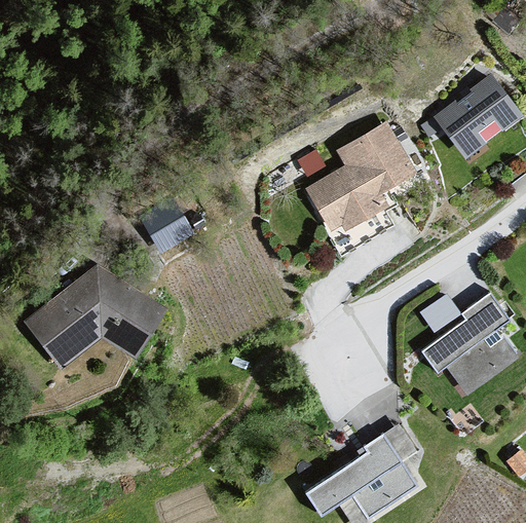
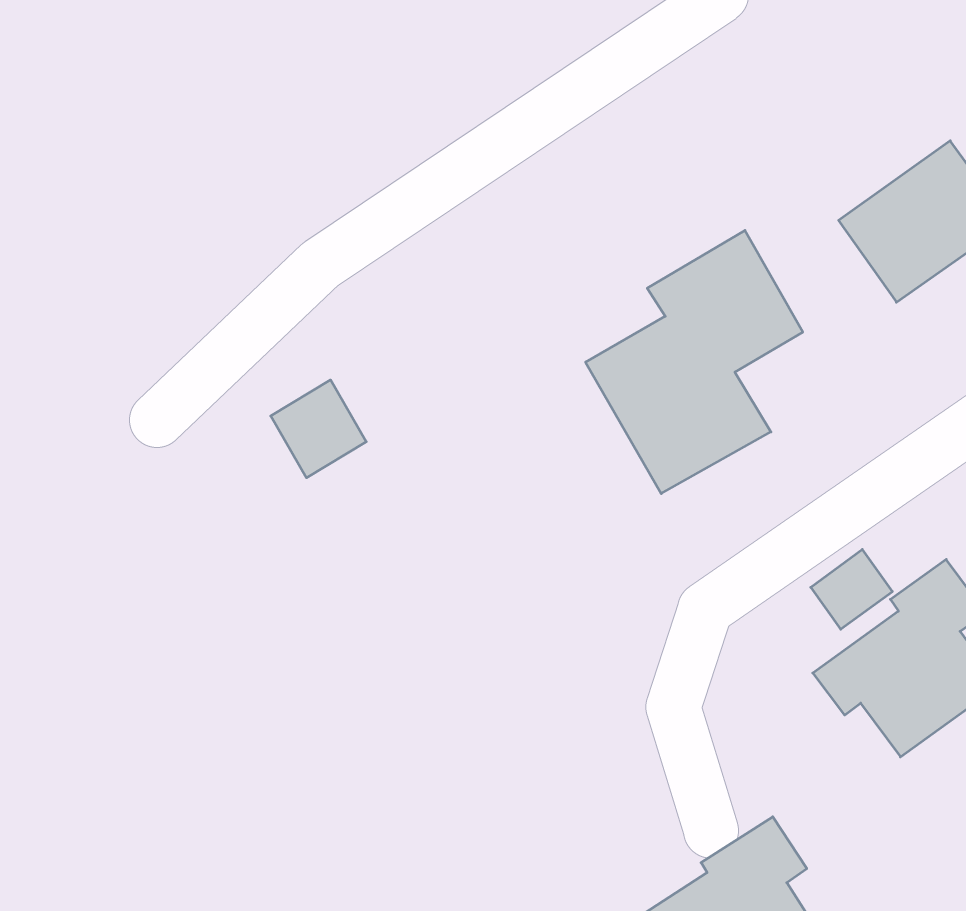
building: [22,266,170,369] -> none

